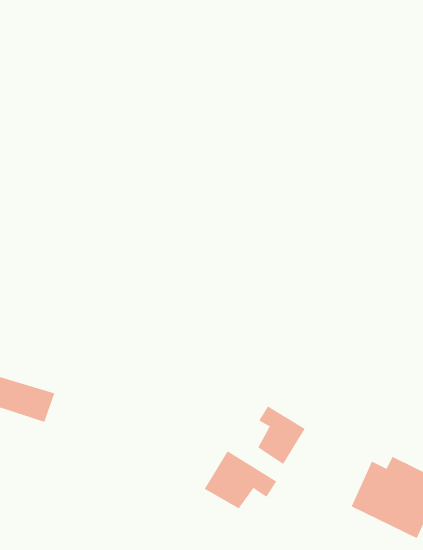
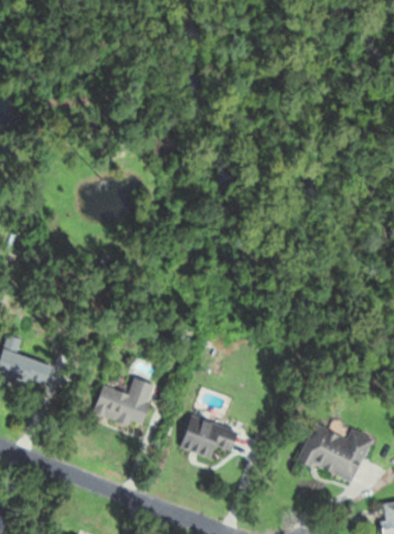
building: [258,405,306,465] -> none
building: none -> [93,377,157,427]

